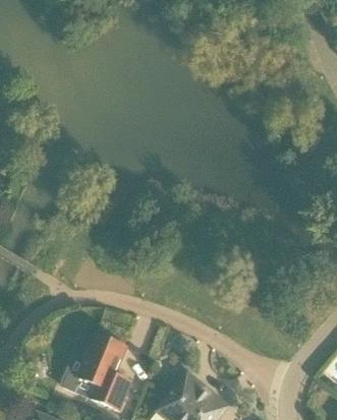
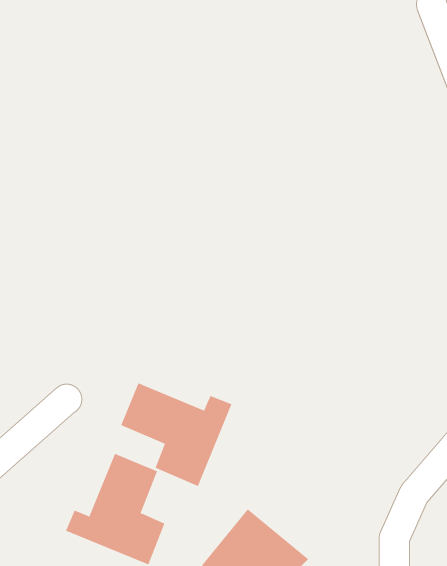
building: none -> [121,383,232,487]

